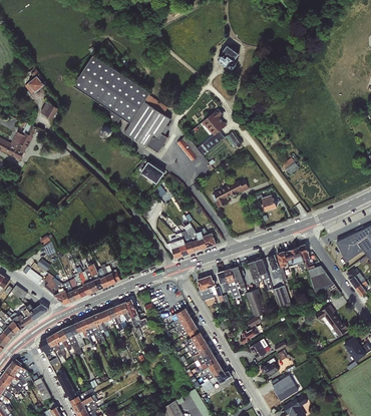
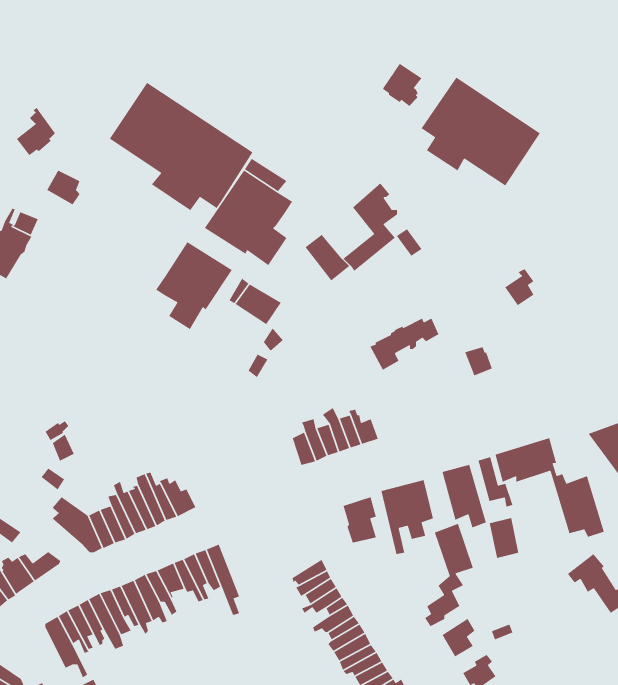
building: none -> [420,77,541,187]
building: none -> [155,241,233,330]

